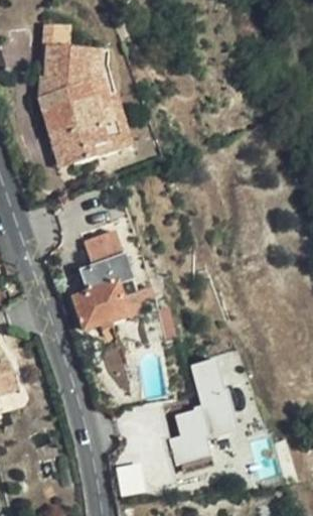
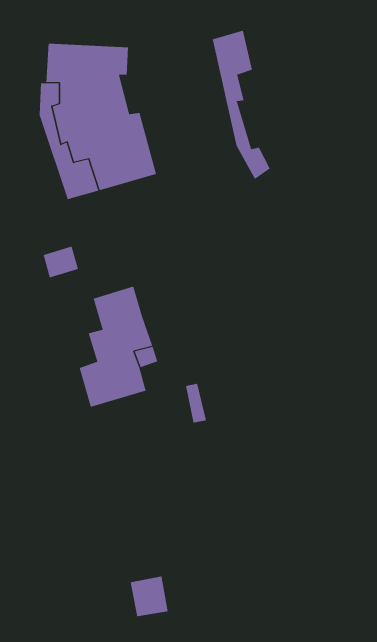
building: none -> [212,30,270,180]
building: [167,358,238,464] -> none

